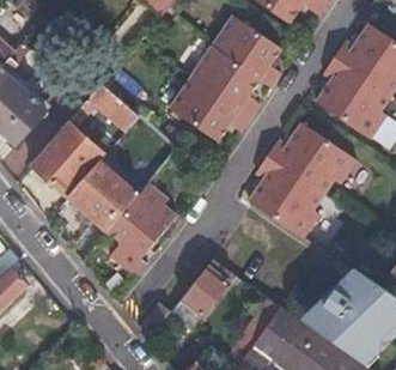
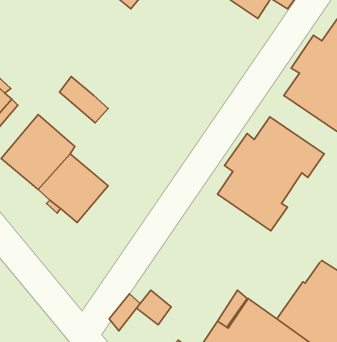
building: [169,16,280,141] -> none
building: [106,182,176,277] -> none
building: [181,259,231,315] -> none

